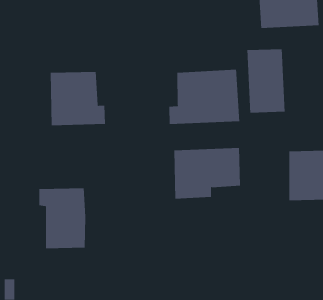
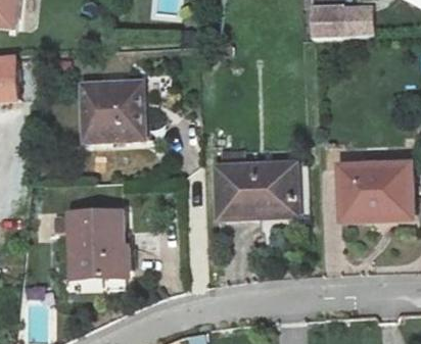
building: [247,48,285,114] -> none
building: [169,69,240,125] -> none

